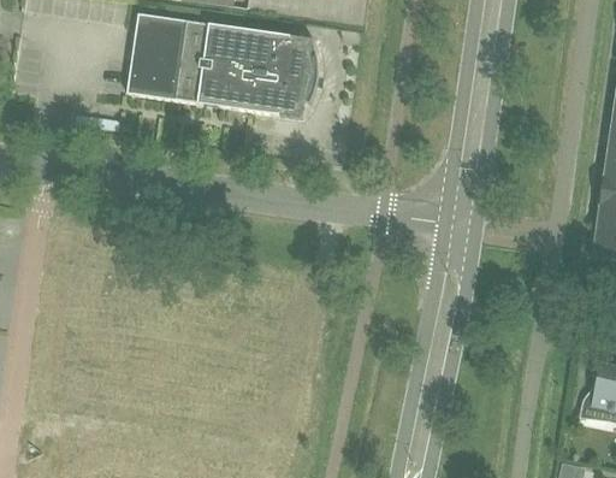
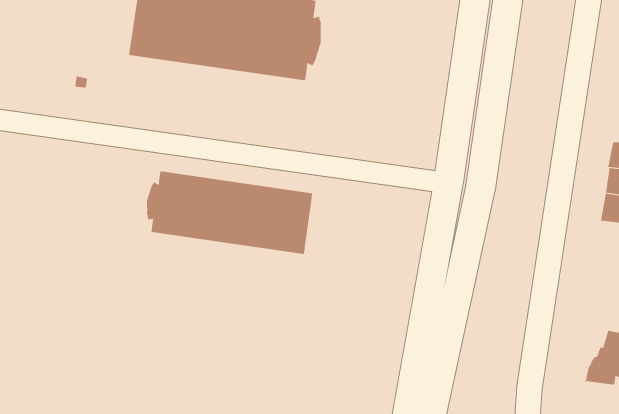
building: none -> [146,171,313,255]

